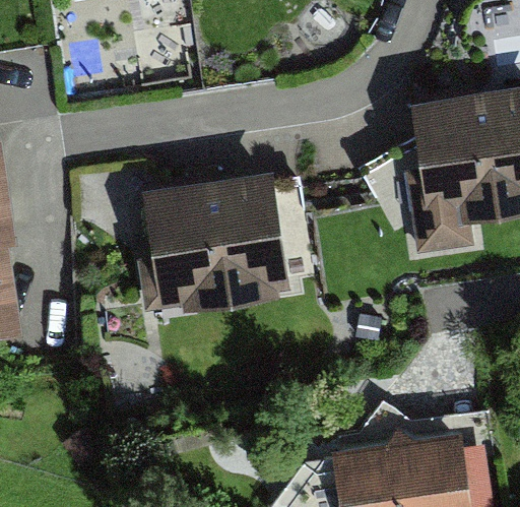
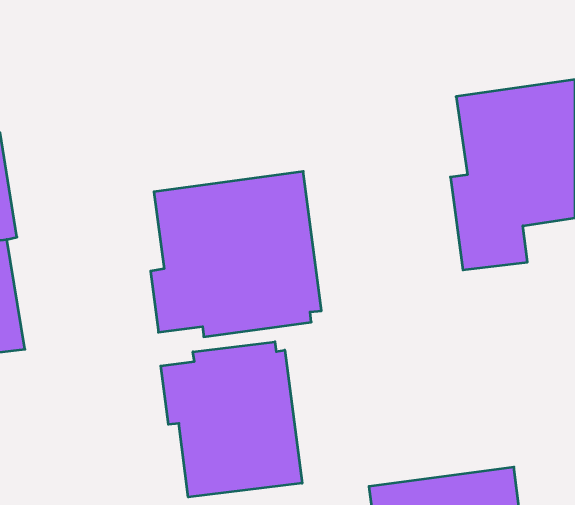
building: none -> [161,342,302,497]

